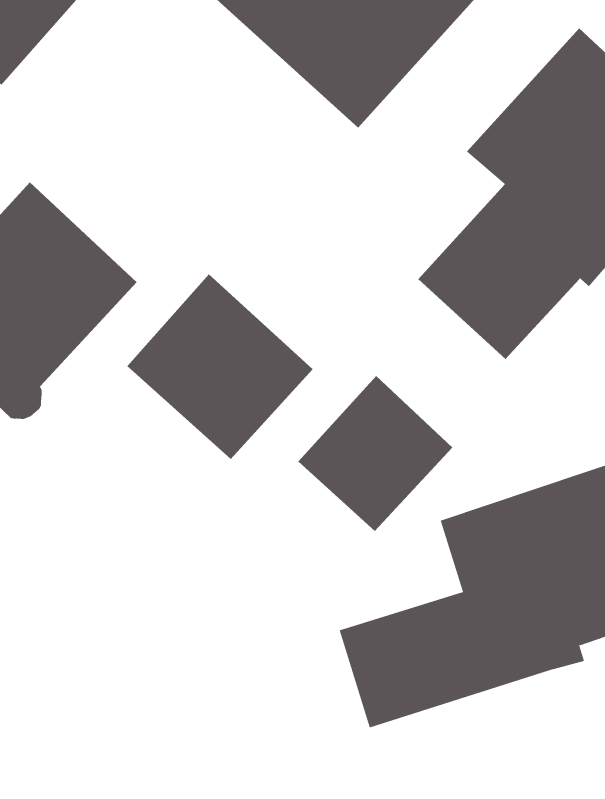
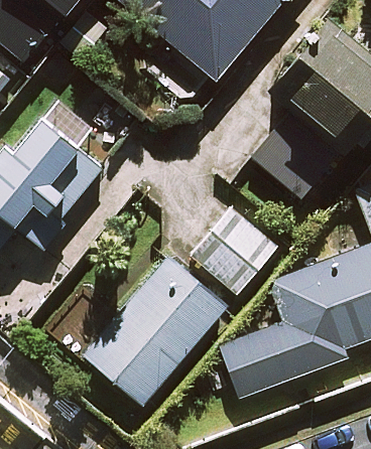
building: [127,273,314,460] -> none
building: none -> [85,256,226,404]

